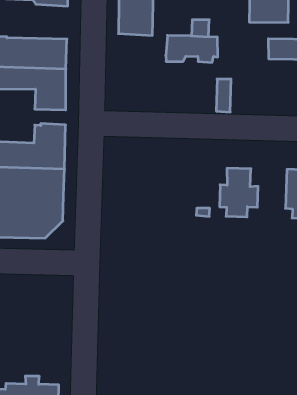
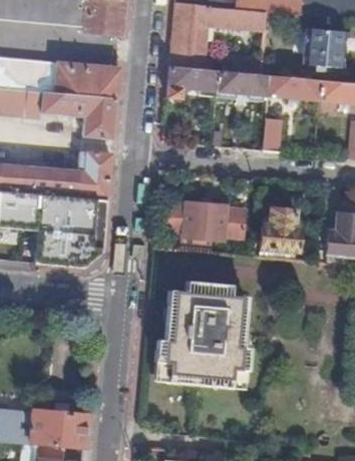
building: none -> [168,65,221,97]
building: none -> [270,75,322,100]
building: none -> [166,201,246,253]
building: none -> [163,292,242,380]

